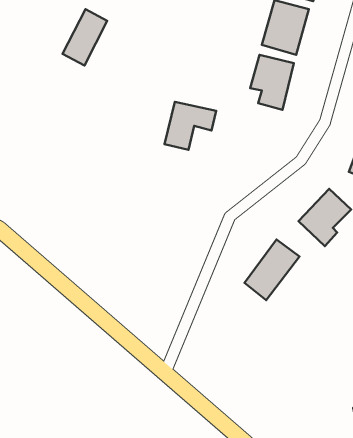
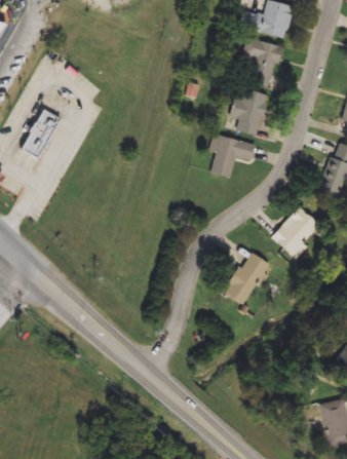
building: [63,9,107,65] -> [21,108,61,158]
building: [165,102,216,150] -> [209,136,256,179]

